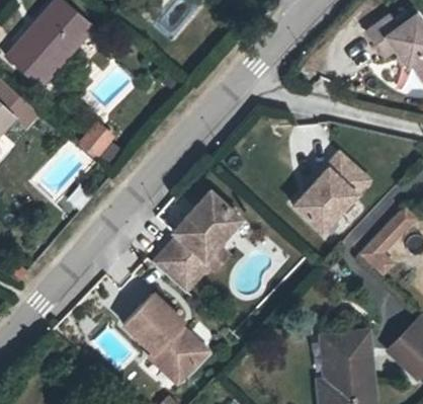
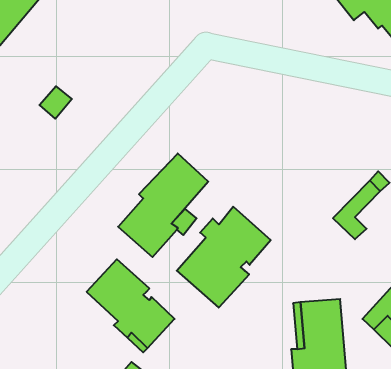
building: [295,149,370,228] -> none
building: none -> [177,207,271,308]

